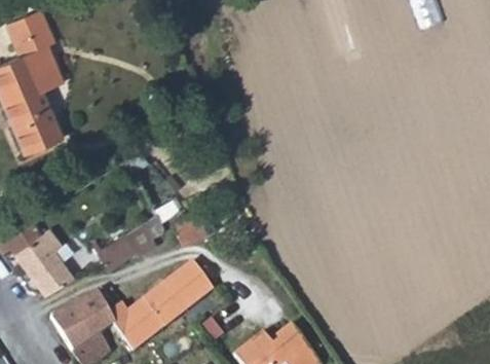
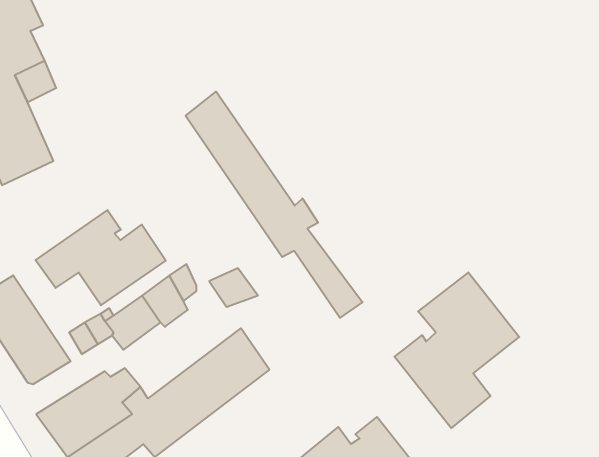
building: none -> [186,92,363,318]
building: none -> [35,210,166,305]
building: none -> [394,272,519,428]

